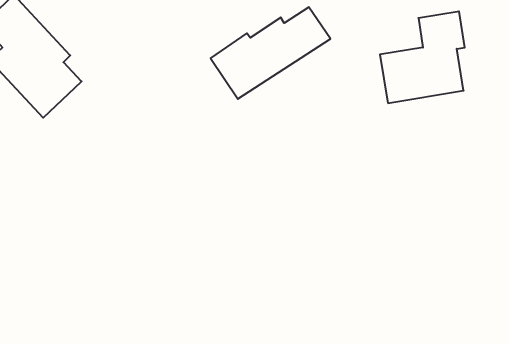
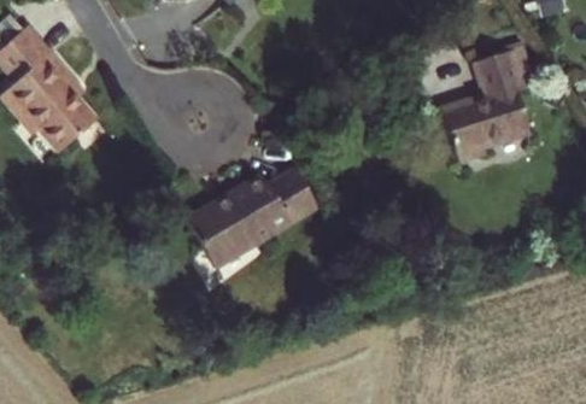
building: [211,7,330,99] -> [194,172,322,270]

